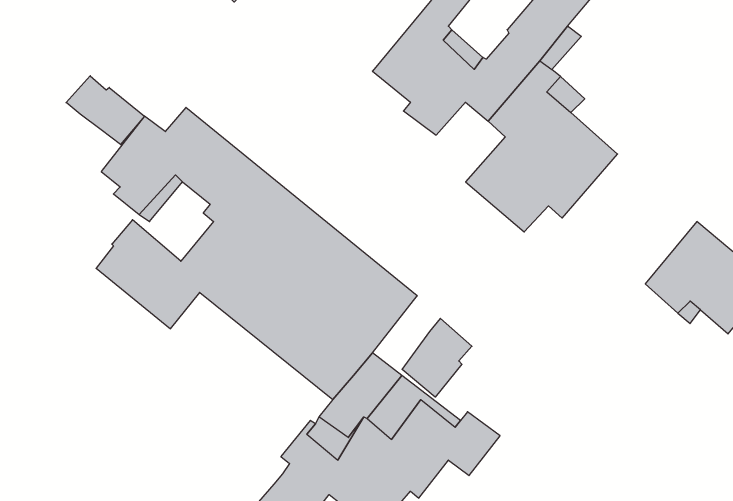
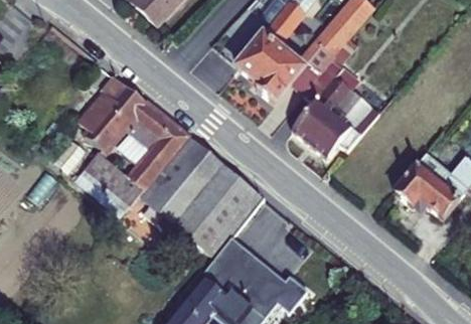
building: [66,76,144,145] -> none
building: [402,318,472,397] -> none

